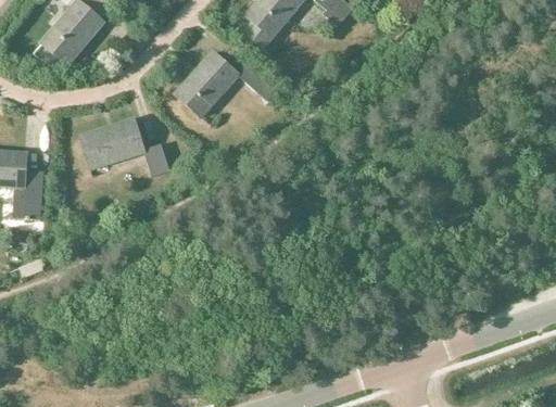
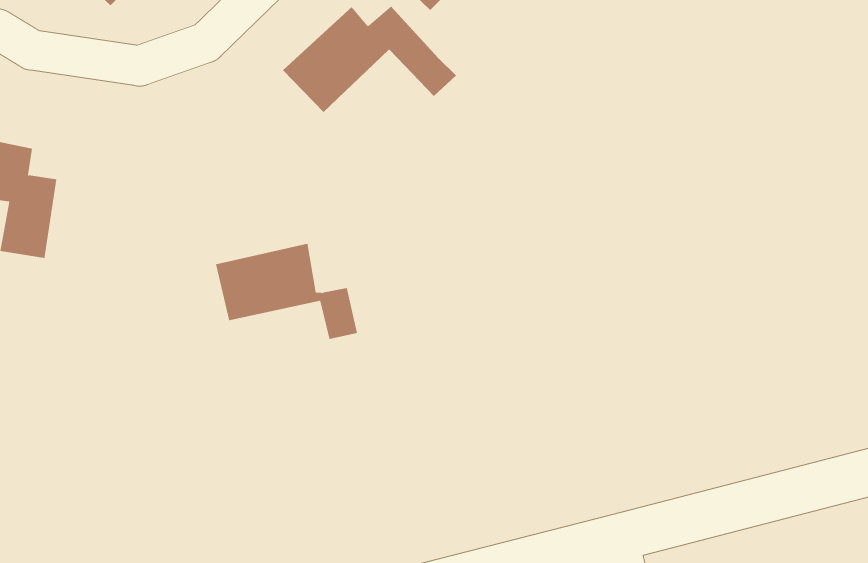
building: [79,118,169,176] -> [215,243,358,340]

